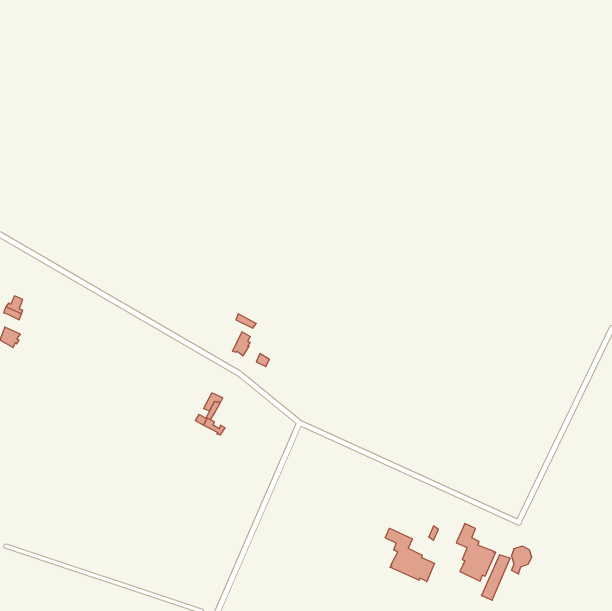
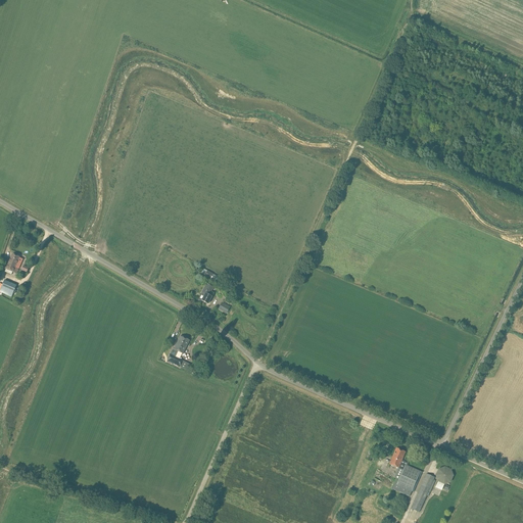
building: [385,528,435,582] -> none

